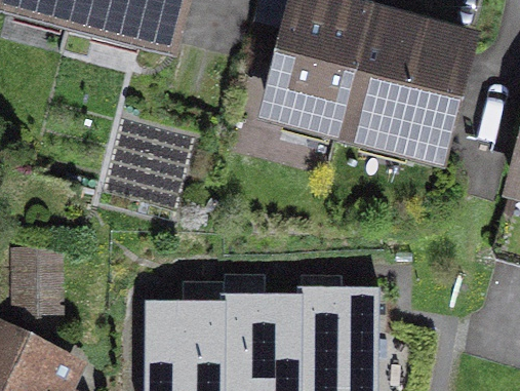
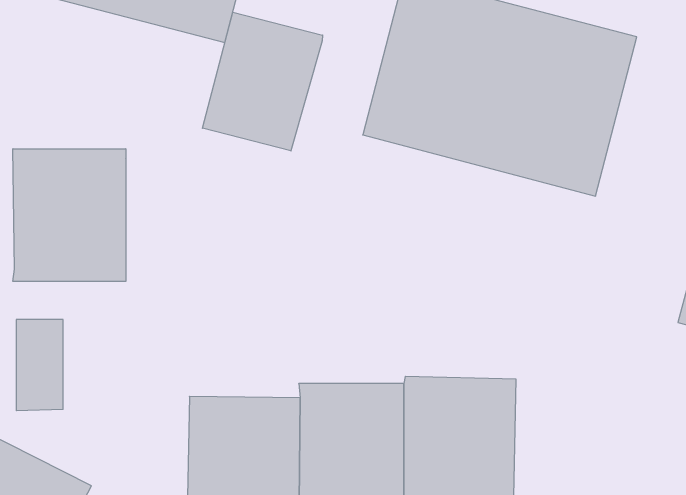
building: none -> [202,12,323,151]
building: none -> [13,149,126,281]

